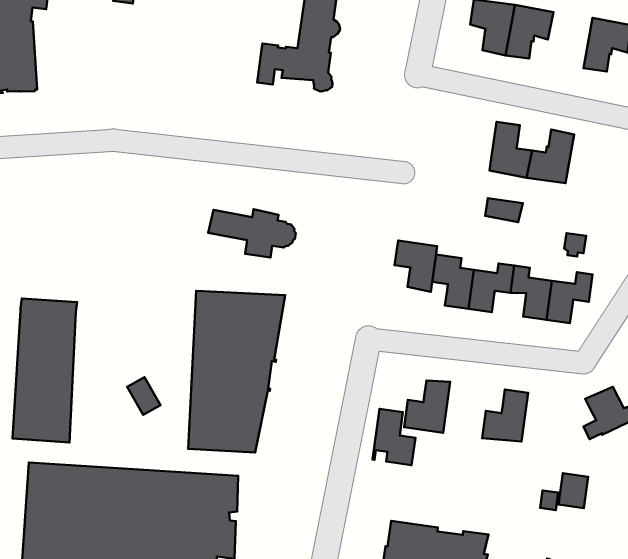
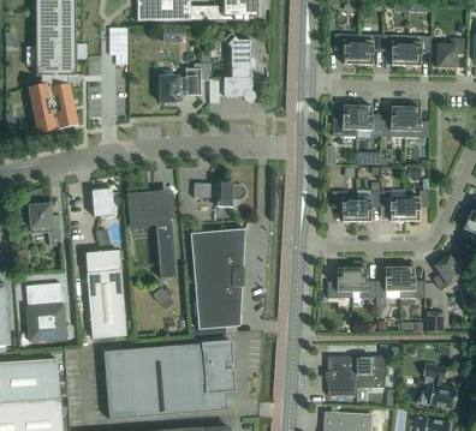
building: none -> [381,35,406,66]
building: none -> [157,64,209,104]
building: none -> [332,104,357,136]
building: none -> [404,107,429,138]
building: none -> [91,188,114,216]
building: none -> [129,193,177,279]
building: [395,241,437,292] -> none
building: none -> [399,267,424,297]
building: [372,409,415,465] -> [351,267,375,298]

